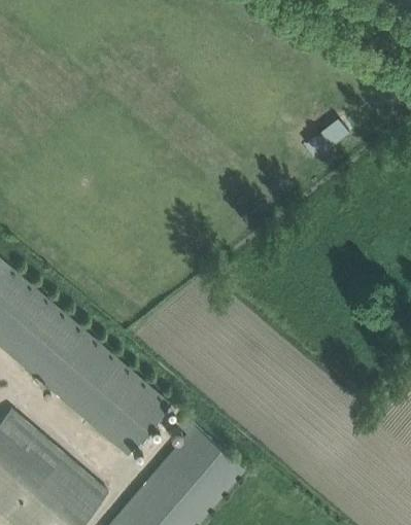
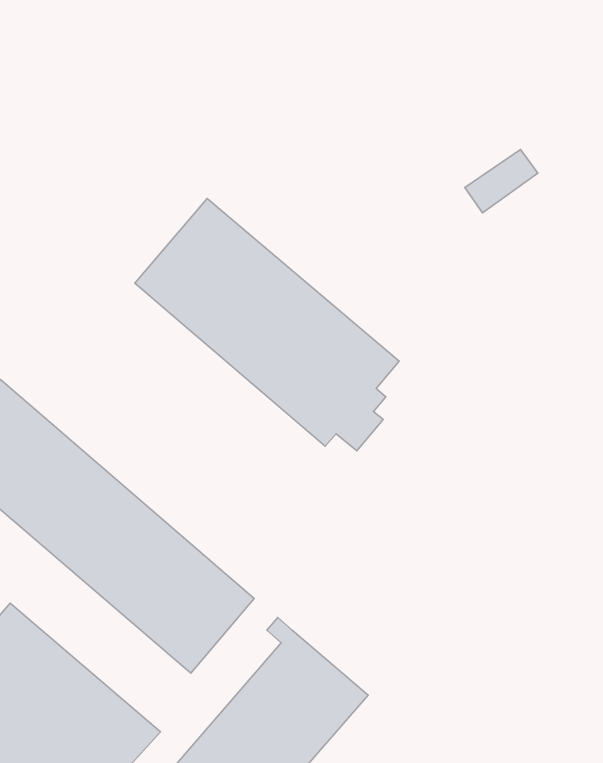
building: none -> [135,199,399,451]

